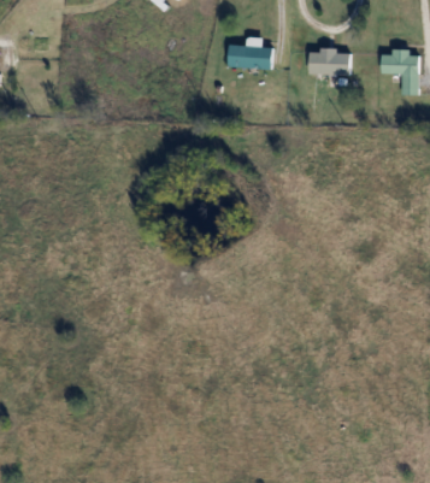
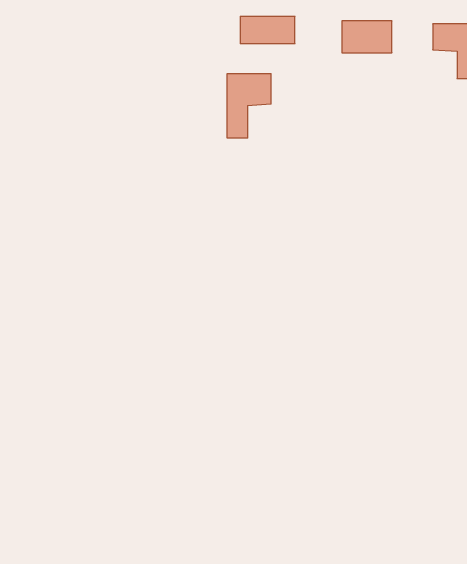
building: none -> [227,74,271,138]

